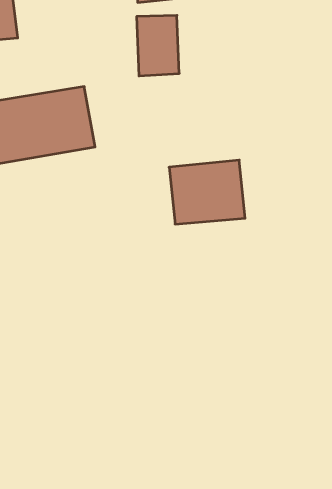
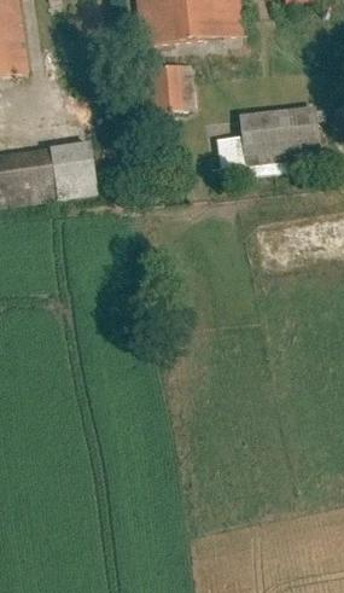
building: [169,160,245,224] -> [238,93,315,158]

